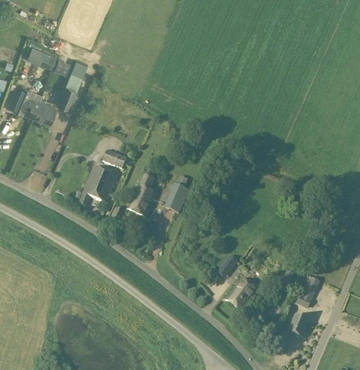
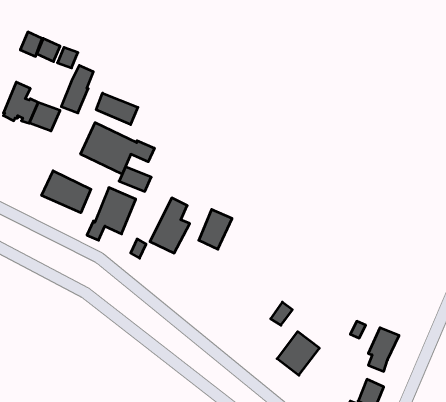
building: none -> [96,93,138,125]
building: none -> [81,123,154,174]
building: none -> [42,171,91,213]

